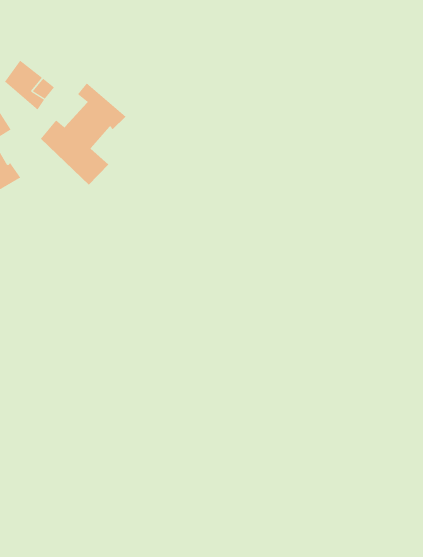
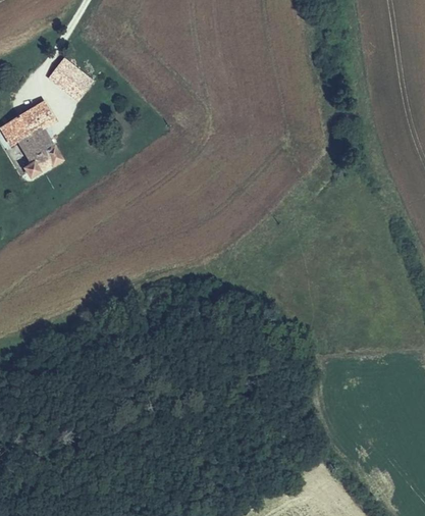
building: [40,83,127,185] -> none

